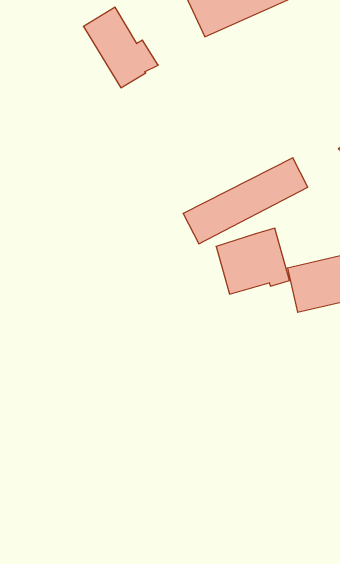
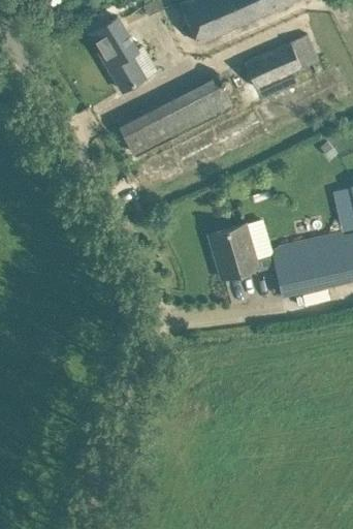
building: none -> [245,41,314,90]
building: [183,158,308,244] -> [119,75,232,154]

